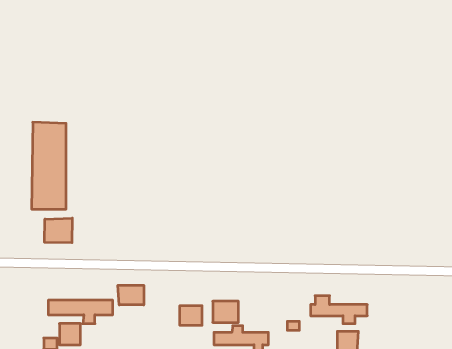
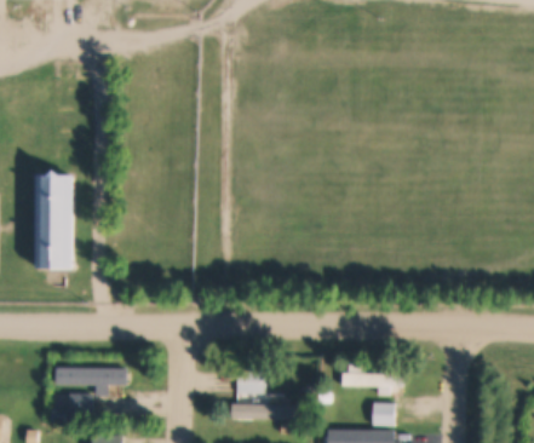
building: [45,218,72,243] -> none
building: [118,285,144,305] -> none
building: [180,306,202,325] -> none

